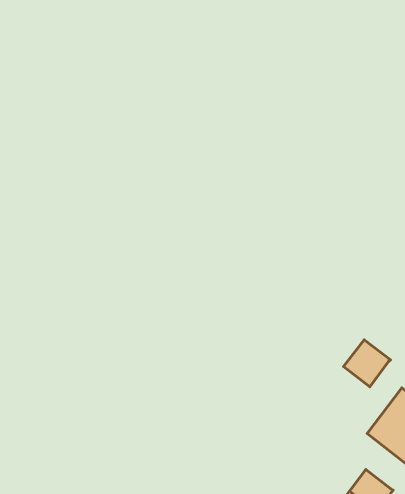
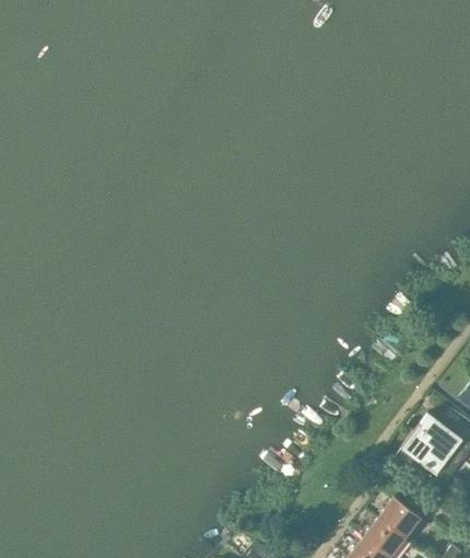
building: [344,340,390,387] -> none

